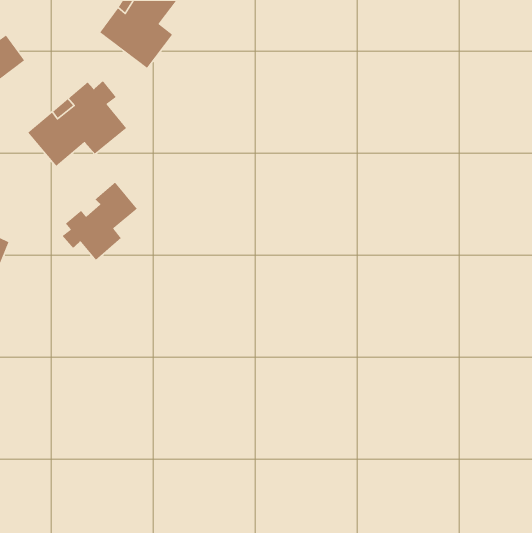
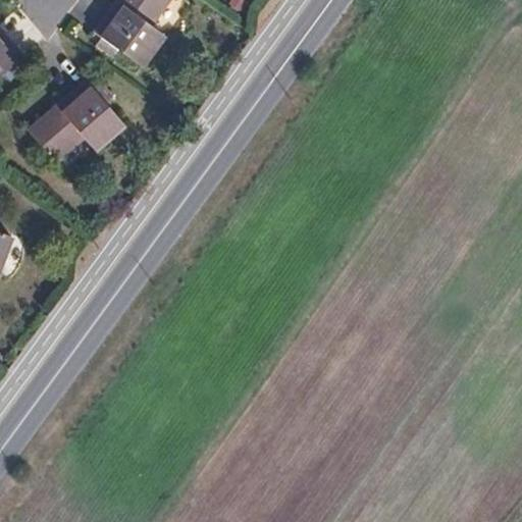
building: [62,182,138,261] -> none

